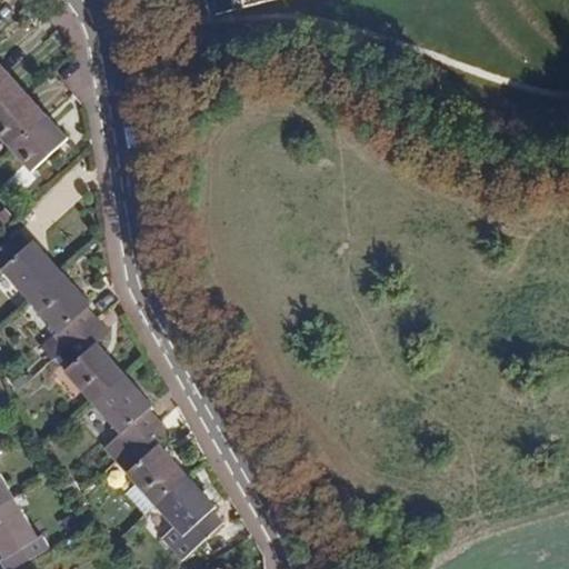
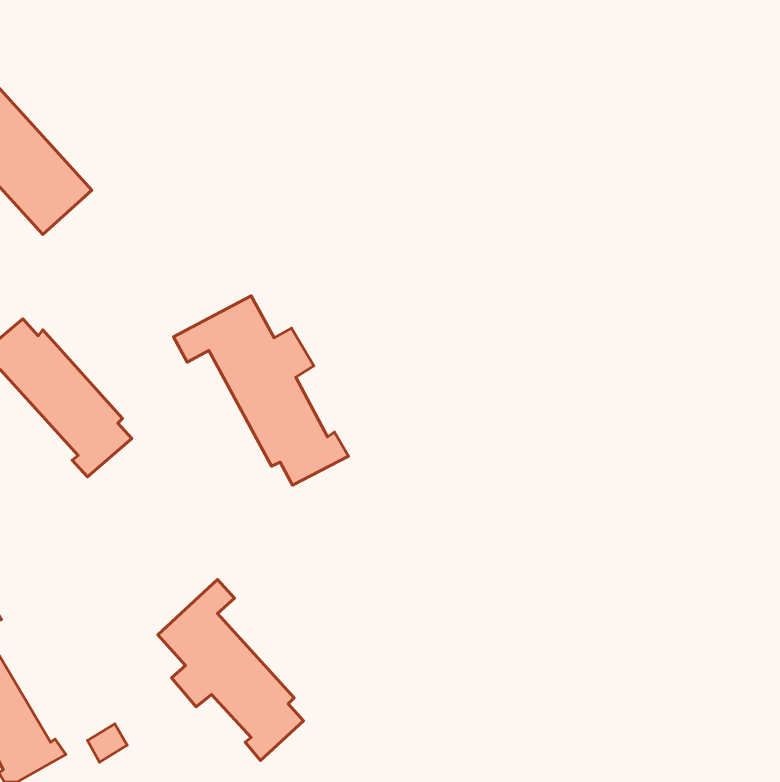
building: none -> [173,296,349,485]
building: [62,318,158,460] -> none

